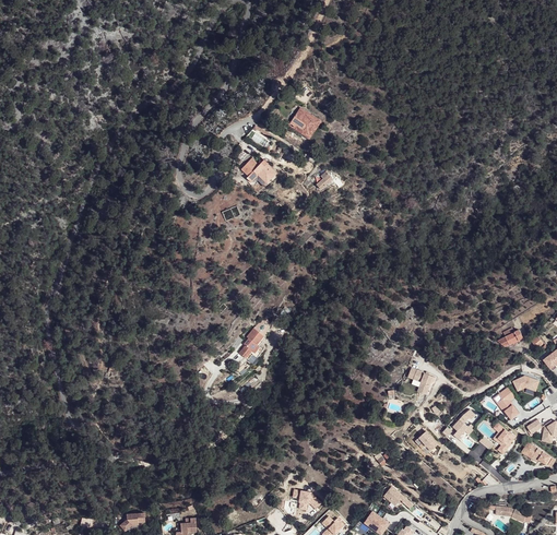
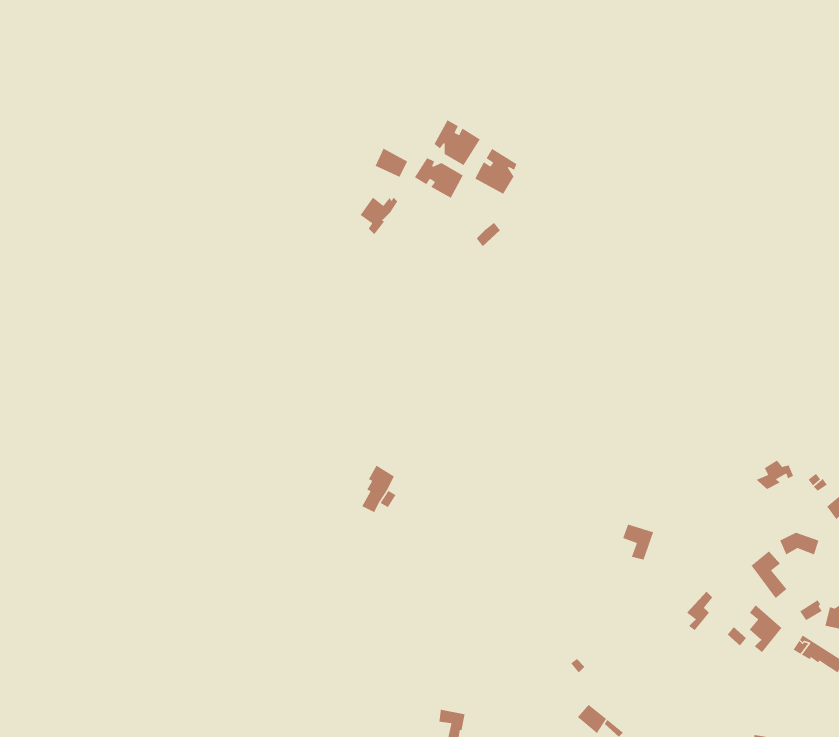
building: none -> [474,148,517,195]
building: none -> [414,157,464,199]

